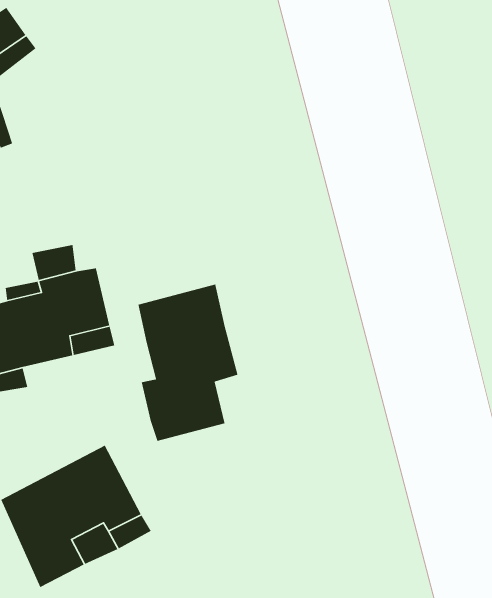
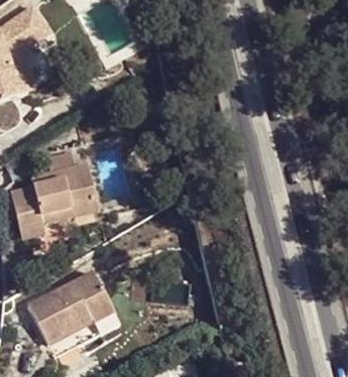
building: [138,283,238,442] -> none

